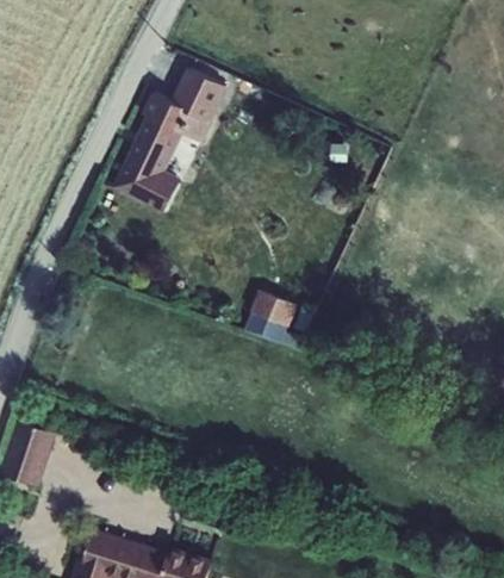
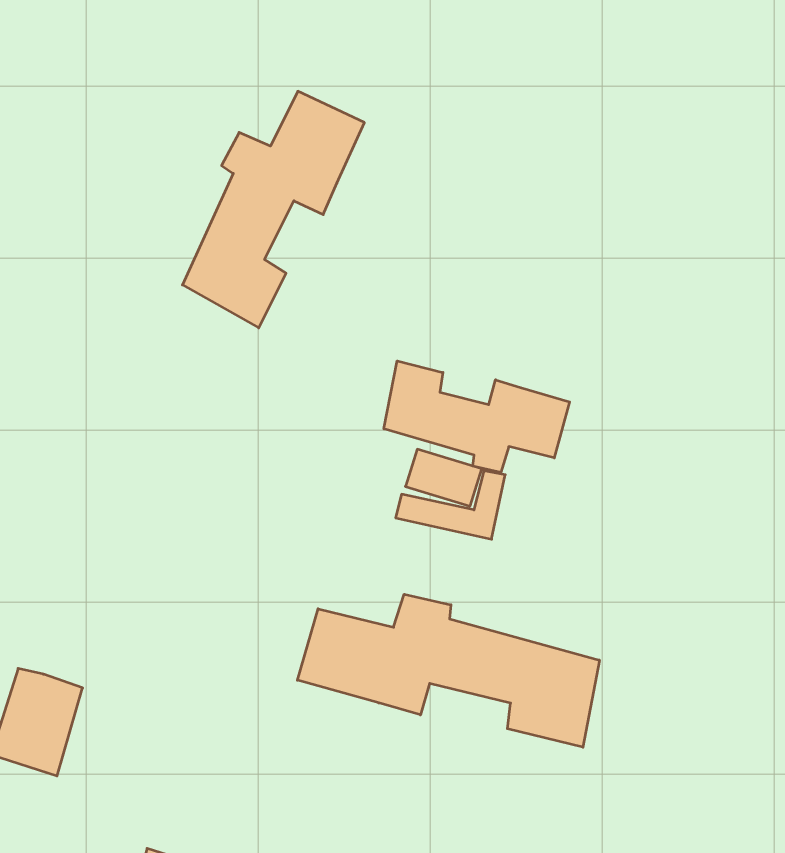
building: none -> [384,361,570,472]
building: none -> [297,594,599,747]

